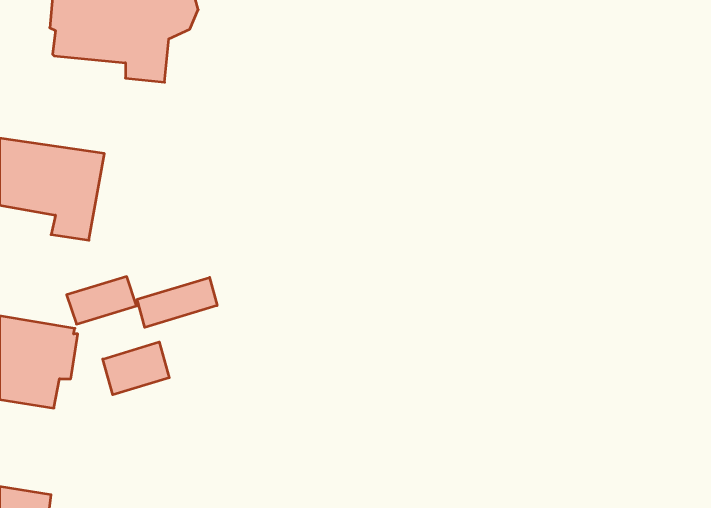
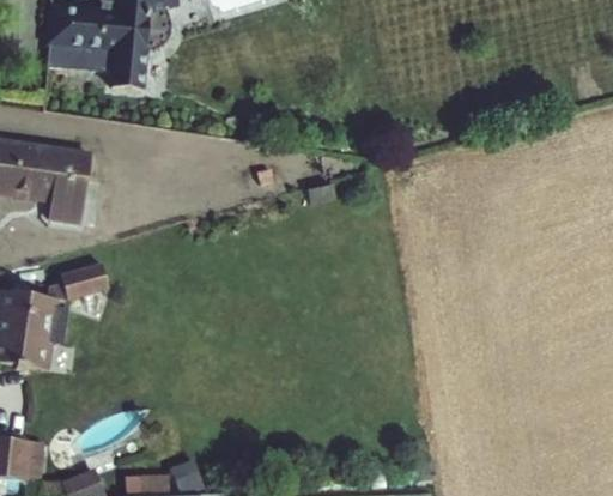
building: [137,277,217,327] -> none
building: [103,342,169,395] -> none

